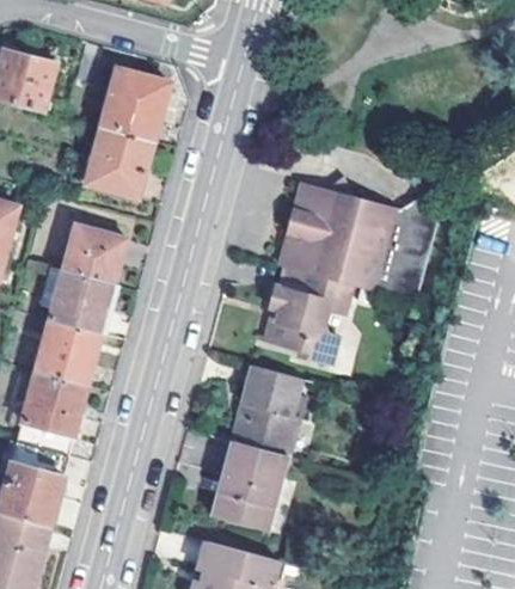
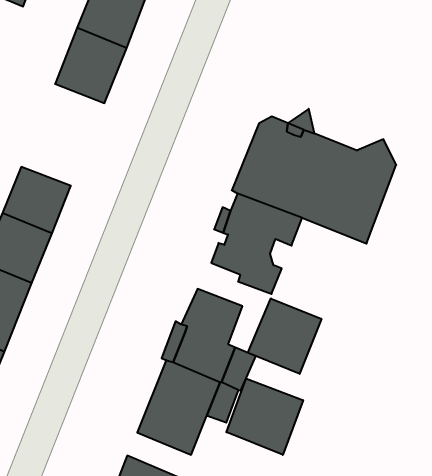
building: [63,221,127,281] -> none
building: none -> [248,298,321,374]
building: none -> [226,379,303,455]

